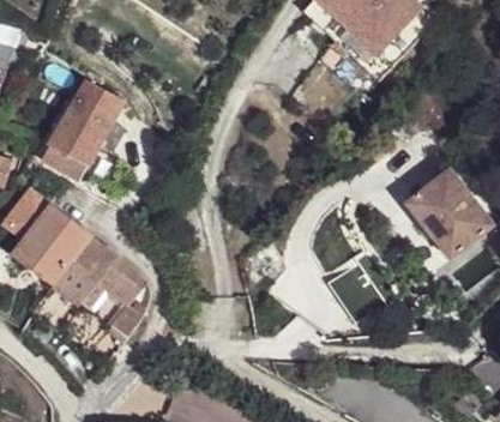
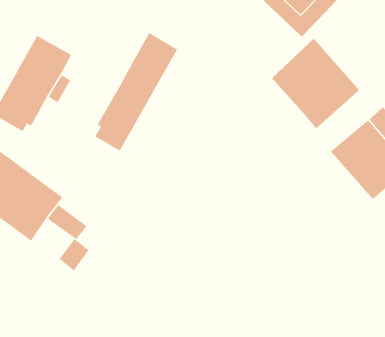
building: none -> [94,32,178,151]
building: none -> [271,38,360,129]

